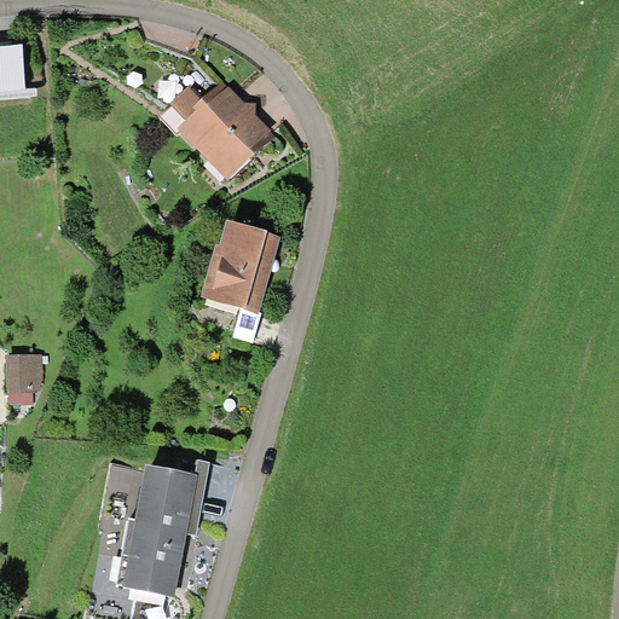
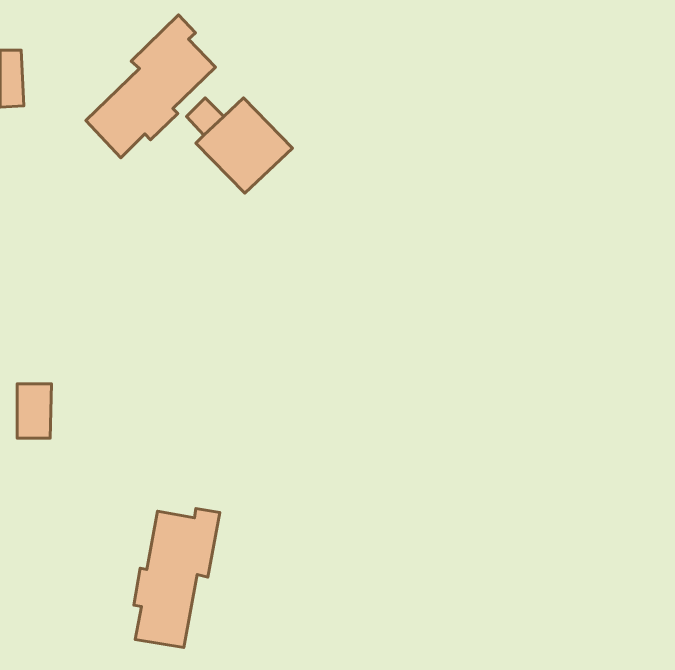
building: none -> [86,15,216,158]
building: [204,222,276,310] -> none

